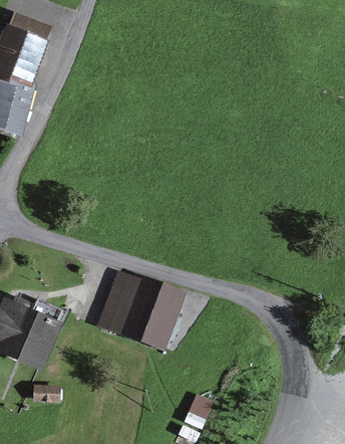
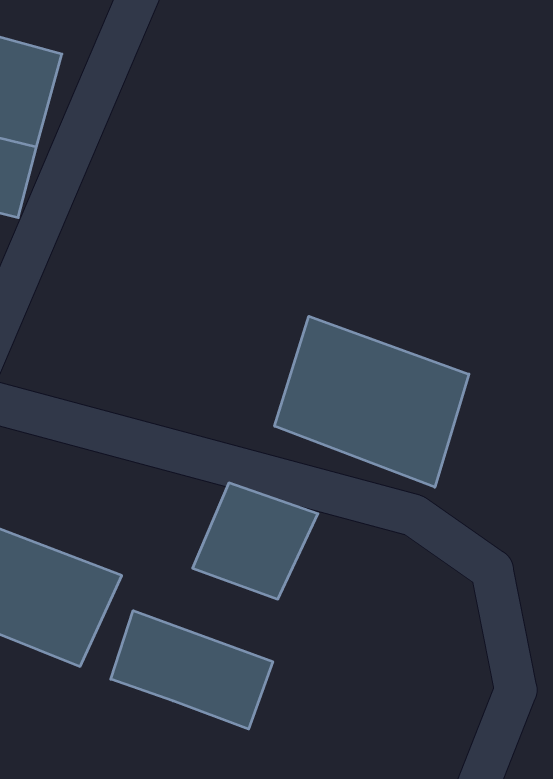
building: none -> [275,316,469,487]
building: none -> [111,611,273,729]

